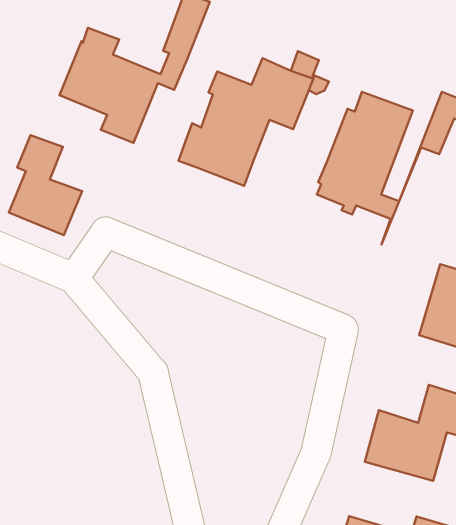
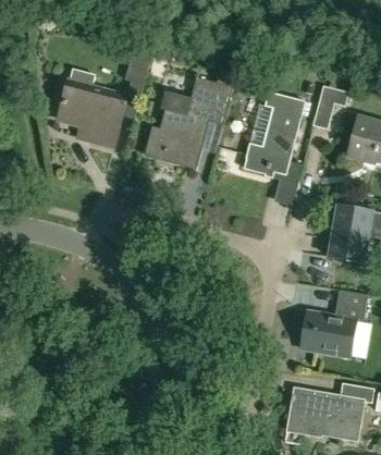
building: [9,135,82,235] -> none

